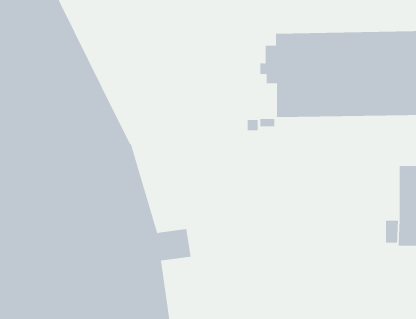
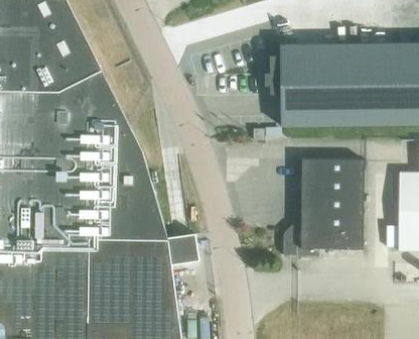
building: none -> [283,158,364,255]

